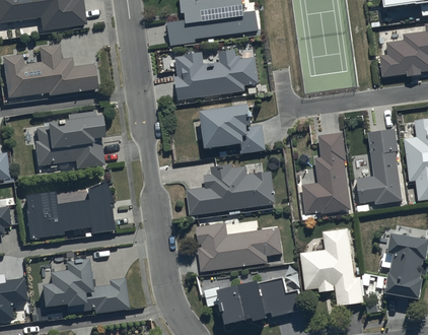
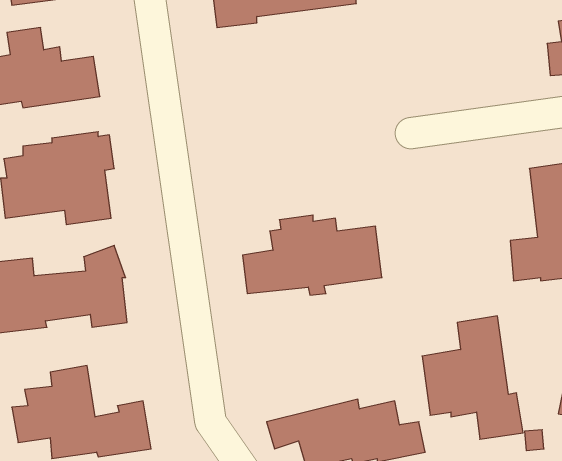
building: [175,48,259,98] -> none
building: [201,103,265,156] -> none
building: [301,132,351,213] -> none
building: [197,222,283,271] -> none

